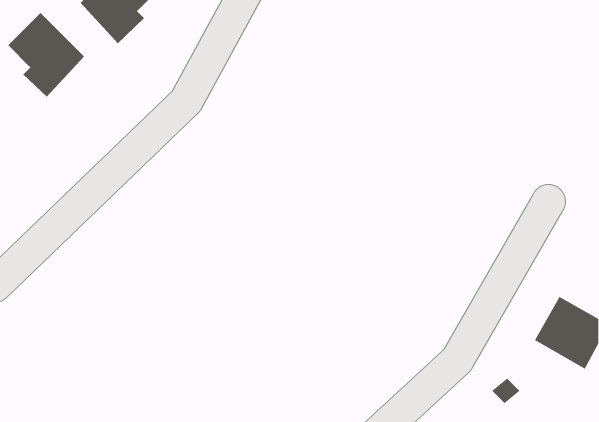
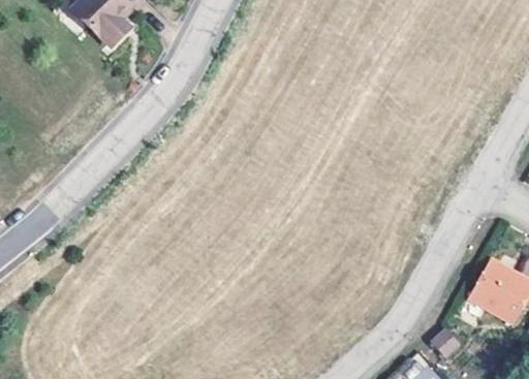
building: [7,12,85,98] -> none

